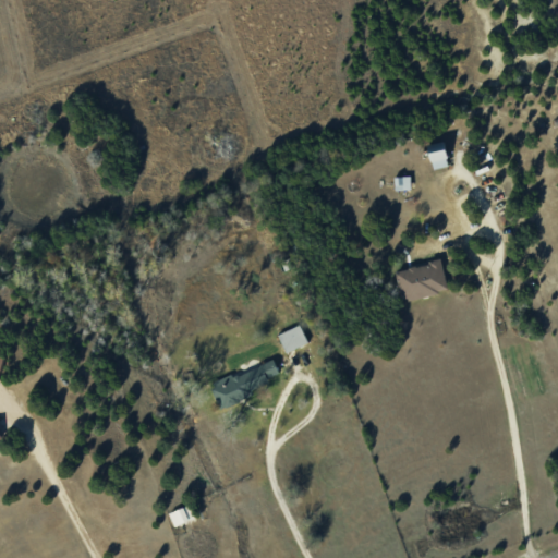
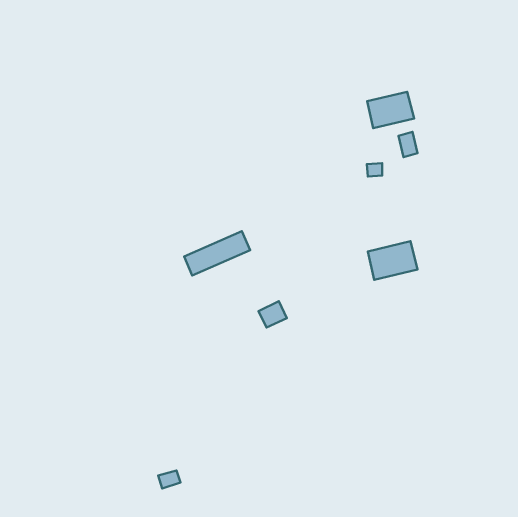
building: none -> [367,92,414,128]
building: [211,359,282,407] -> [184,231,250,276]

